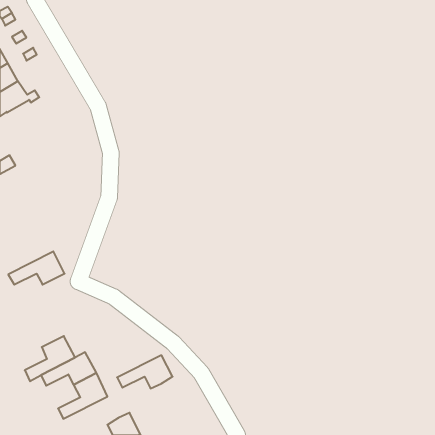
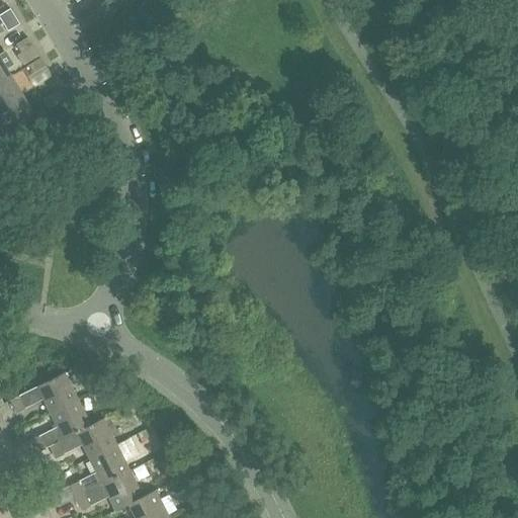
building: [8,251,65,285] -> [9,372,76,412]
building: [117,355,173,388] -> [75,470,141,510]

